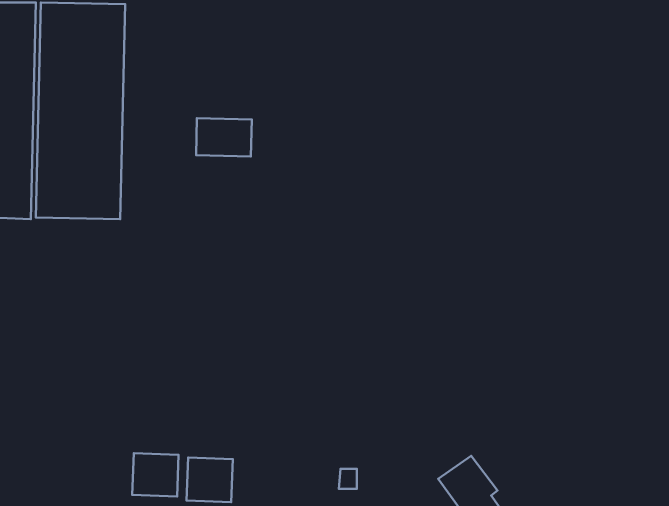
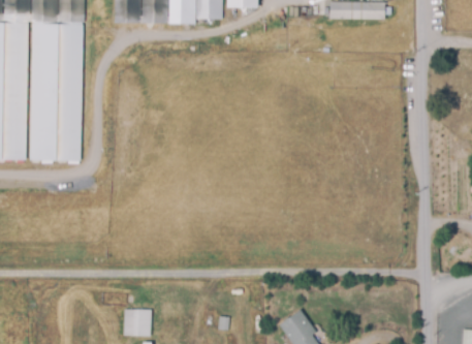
building: [196,118,252,156] -> none
building: [132,453,179,496] -> none

